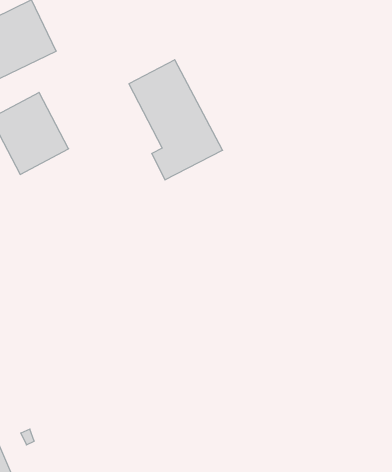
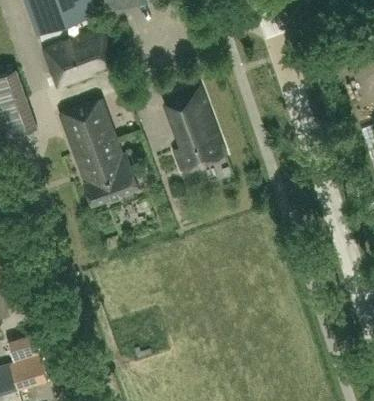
building: none -> [78,140,138,206]

